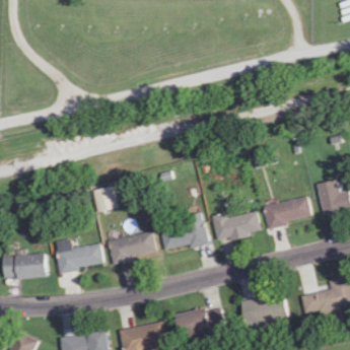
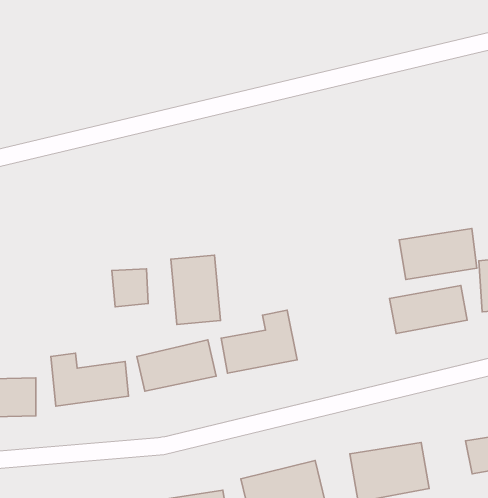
building: none -> [171,255,221,325]
building: [212,209,260,240] -> [399,228,477,280]

